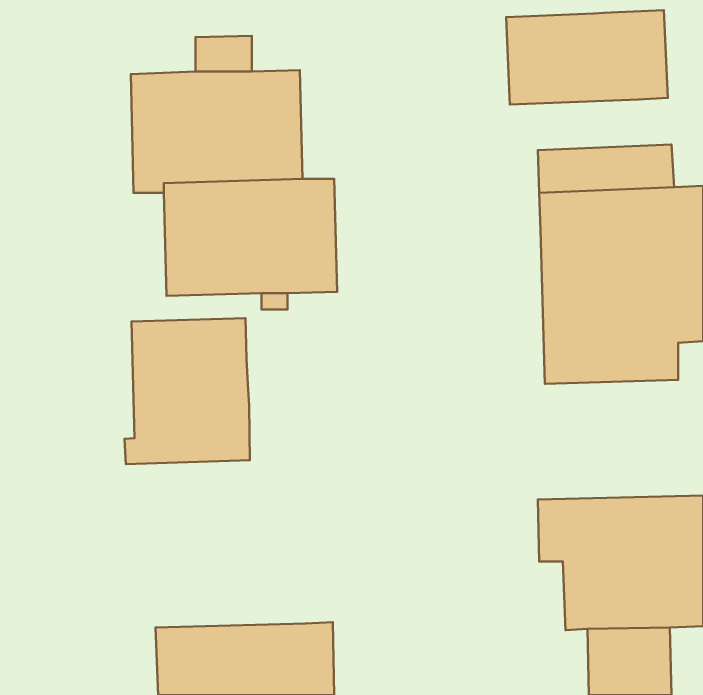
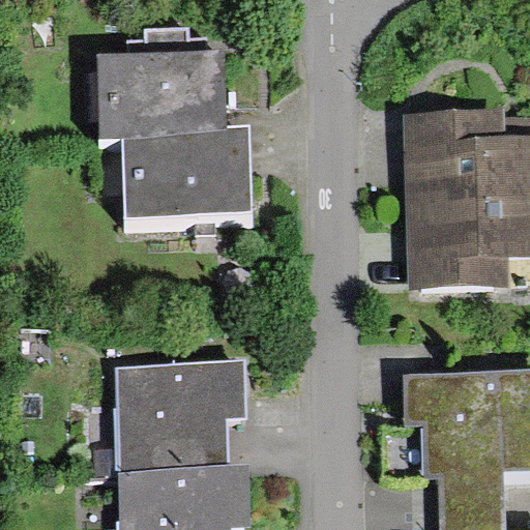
building: [506,10,668,105] -> none
building: [124,318,250,464] -> none
building: none -> [114,362,247,472]

